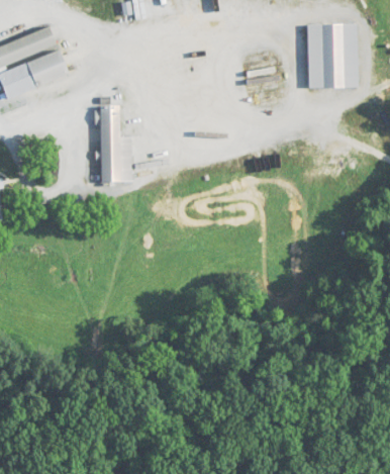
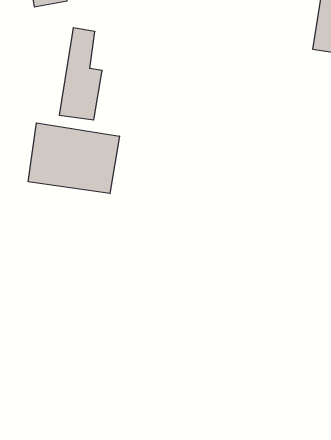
building: none -> [28,123,119,194]

